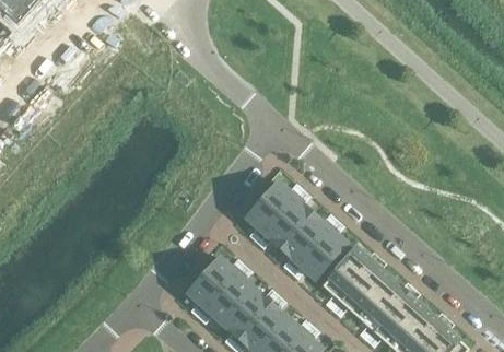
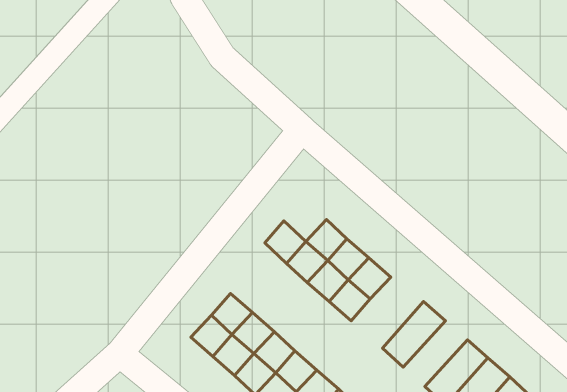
building: [262,179,296,213] -> none
building: [323,245,374,298] -> none
building: [358,277,409,329] -> none

